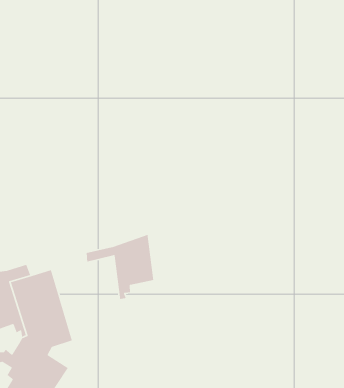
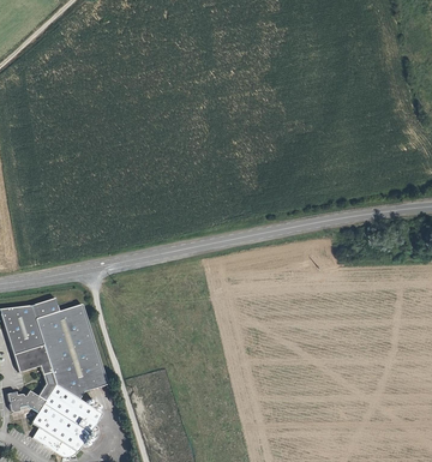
building: [86,234,154,300] -> none

